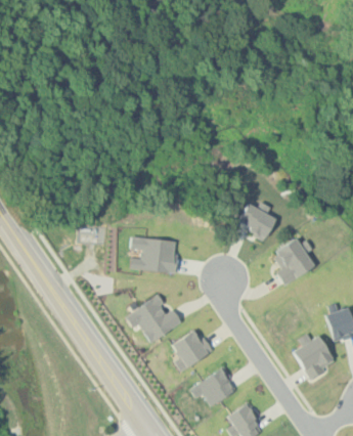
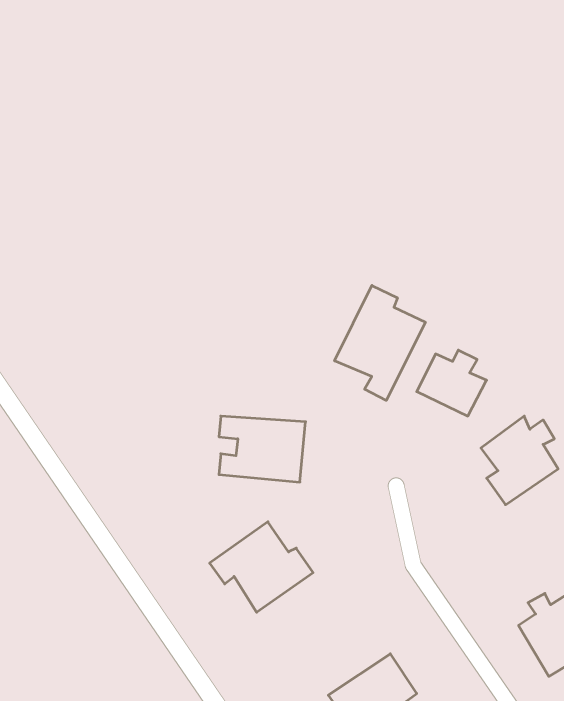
building: none -> [335,285,425,400]
building: [172,331,214,370] -> none

